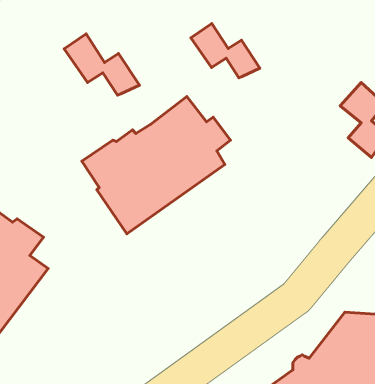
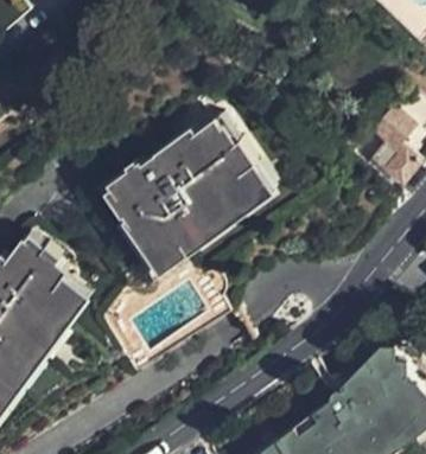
building: [191,24,260,78] -> none
building: [64,34,139,95] -> none

